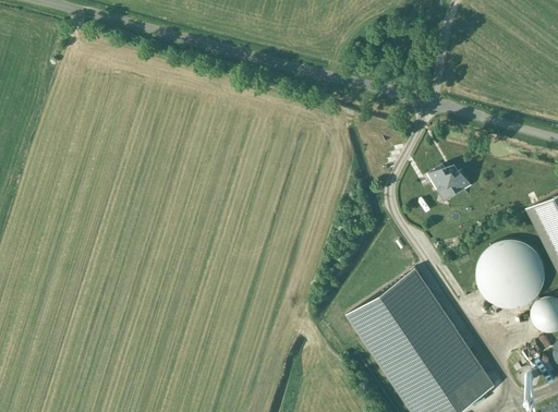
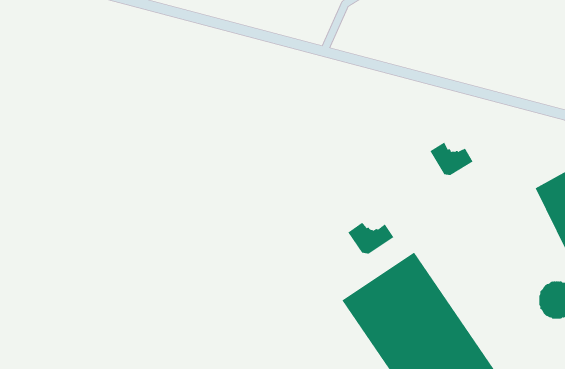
building: [476,241,545,310] -> none
building: none -> [347,222,394,255]

